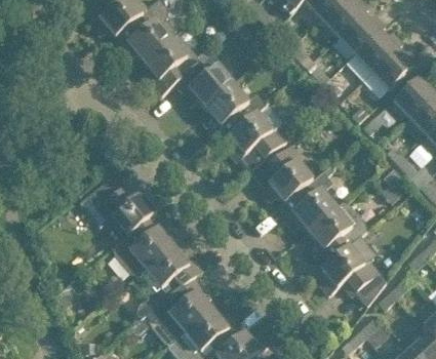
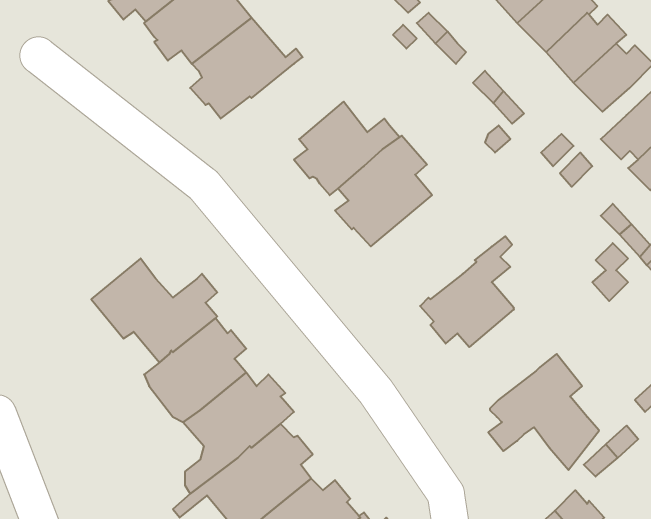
building: [176,59,232,105] -> none
building: [261,144,312,201] -> none
building: [307,200,366,262] -> none

